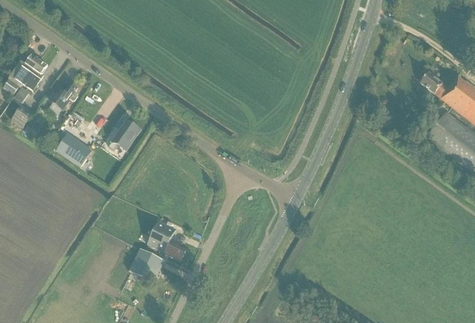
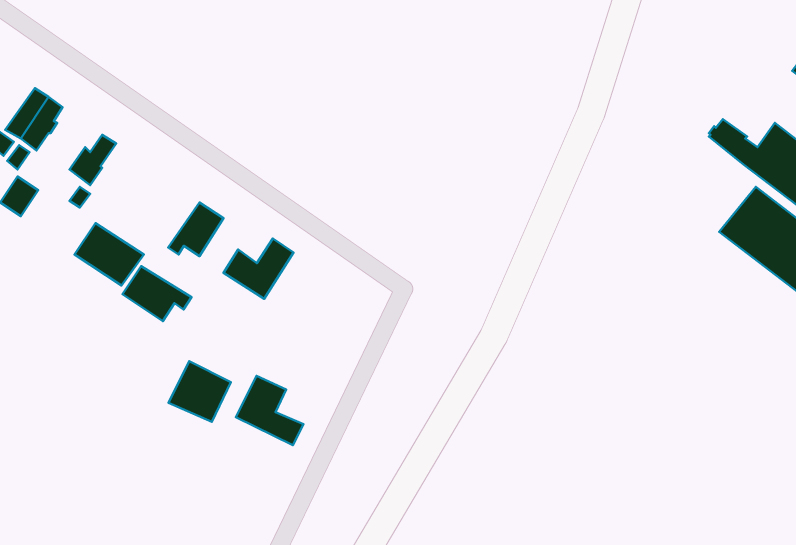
building: none -> [223,239,293,299]
building: none -> [122,266,191,321]
building: [128,246,164,281] -> [168,361,231,422]

